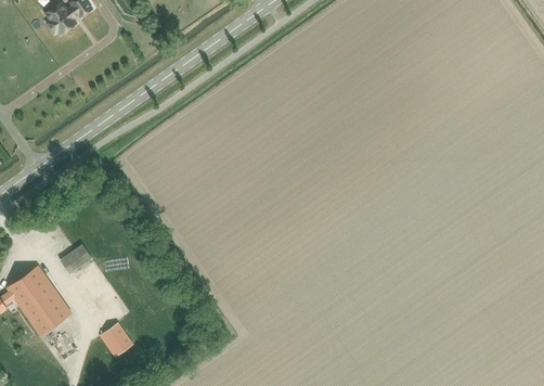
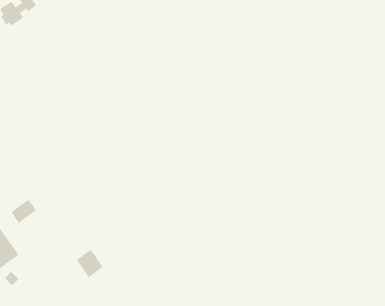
building: [101,322,134,358] -> [76,249,104,278]

